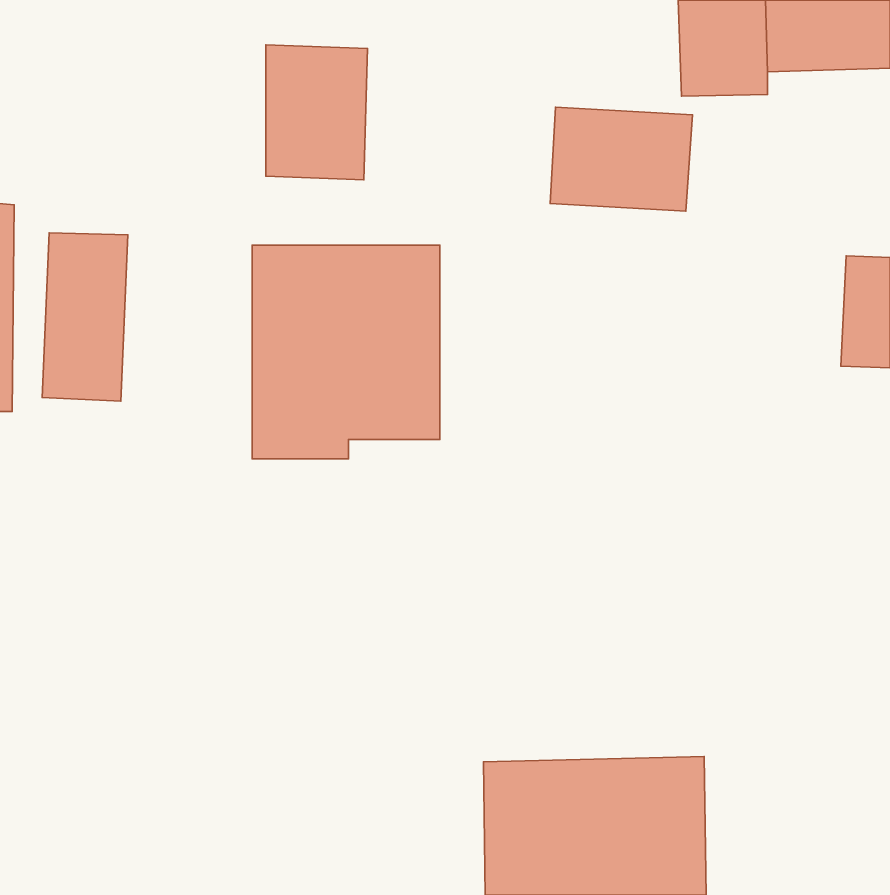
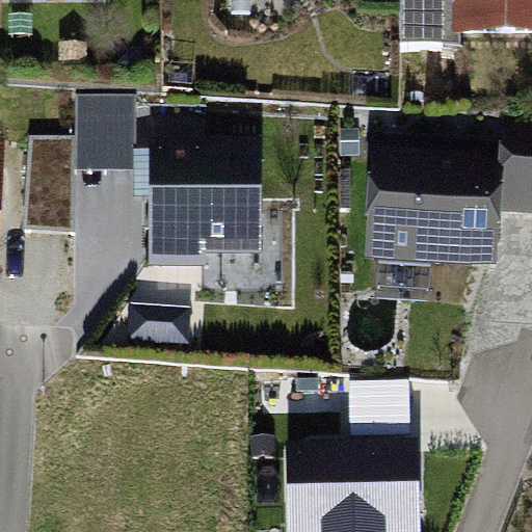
building: [266,45,367,180] -> [77,98,137,178]
building: [550,107,693,211] -> none
building: none -> [366,152,500,271]

